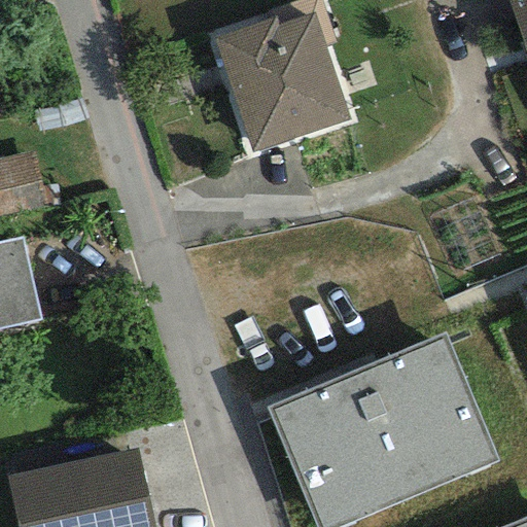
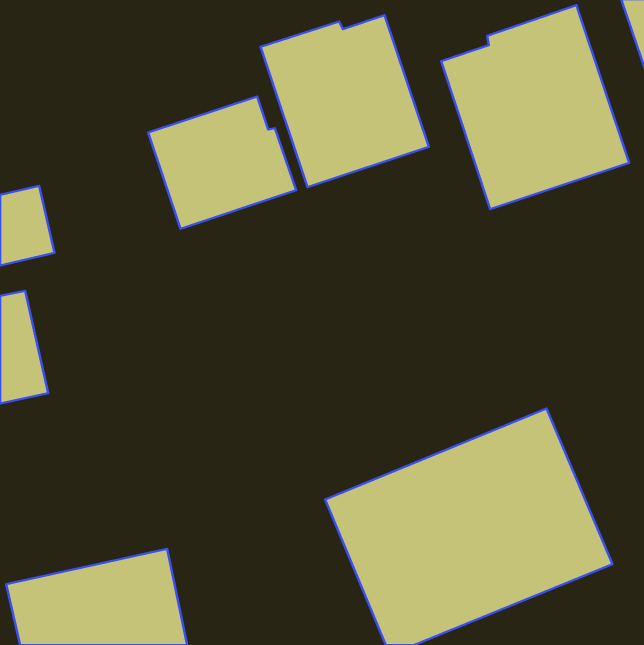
building: none -> [441,5,629,209]
building: none -> [148,96,296,229]

